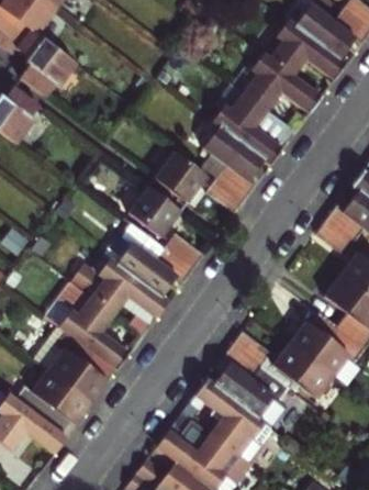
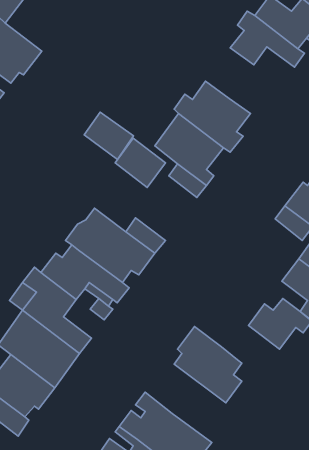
building: [244,54,321,114] -> none
building: [127,186,178,234] -> [84,112,134,160]
building: [233,331,320,389] -> none
building: [195,378,265,463] -> none

